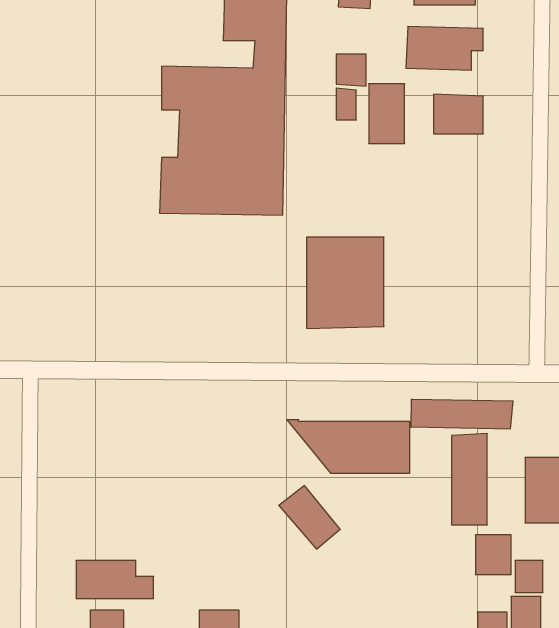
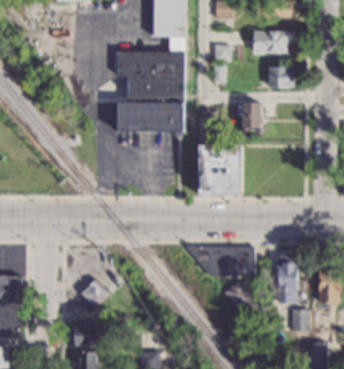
building: [369,84,405,143] -> [242,103,262,136]
building: [411,399,513,429] -> none
building: none -> [79,277,111,310]
building: [279,486,340,549] -> [223,281,257,316]

